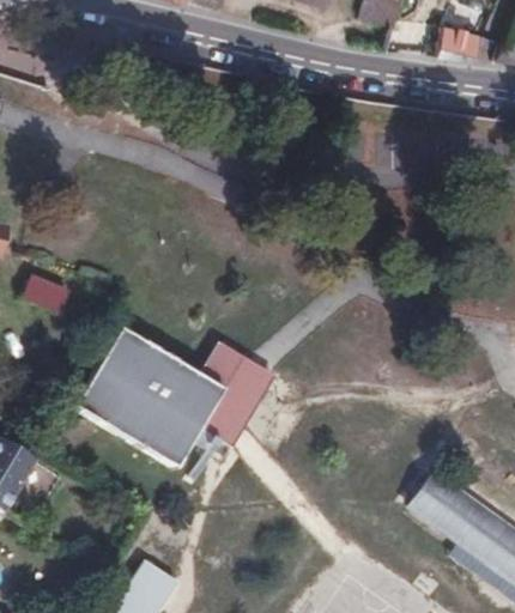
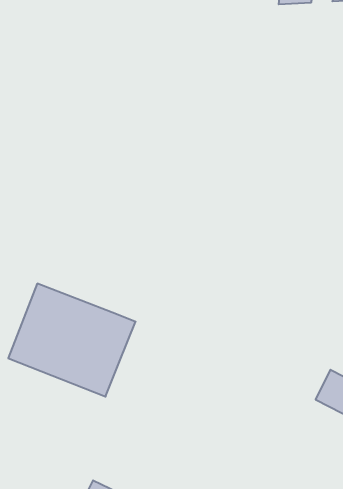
building: [198,344,272,447] -> none

